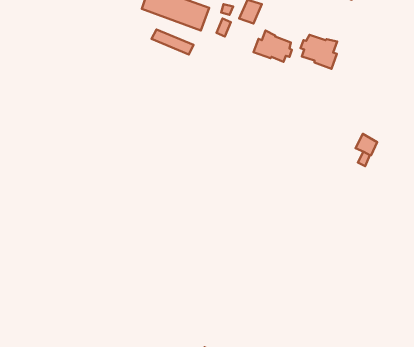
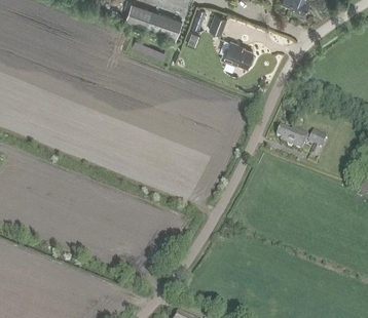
building: [301,35,337,69] -> none
building: none -> [277,126,307,149]

